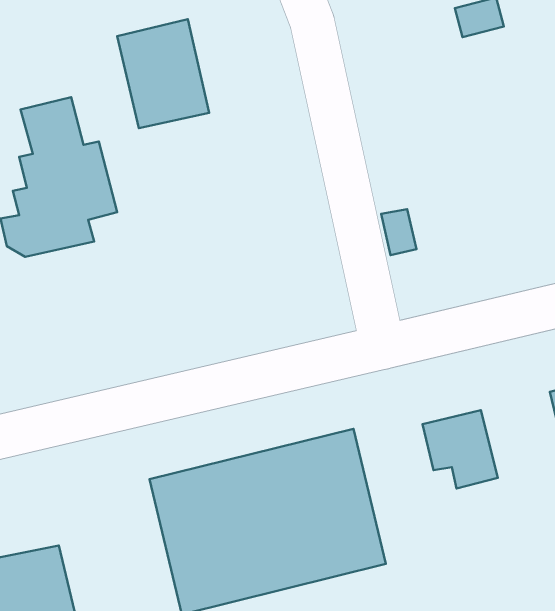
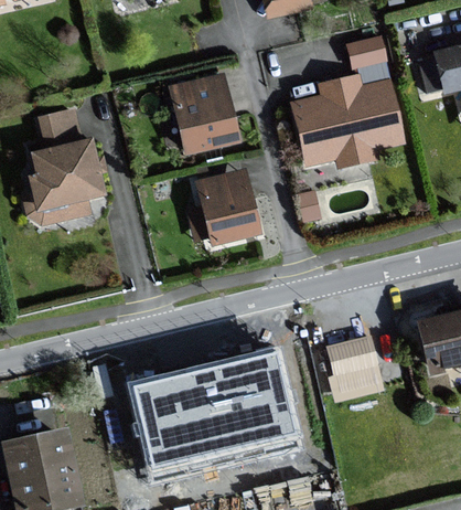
building: [117,19,209,128] -> [174,74,240,152]
building: none -> [296,76,403,164]
building: none -> [190,170,261,244]

